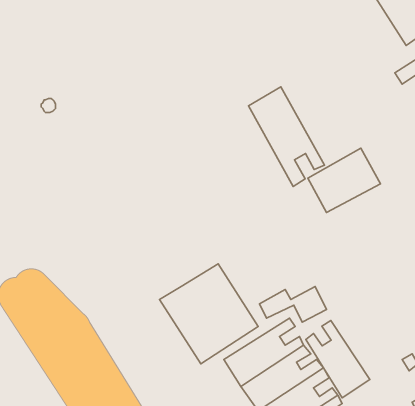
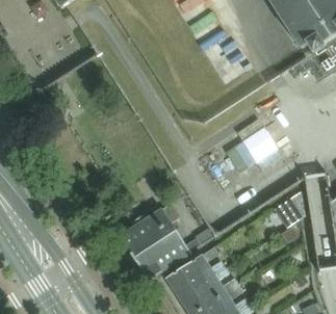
building: [249,87,325,186] -> none
building: [306,320,370,398] -> none

